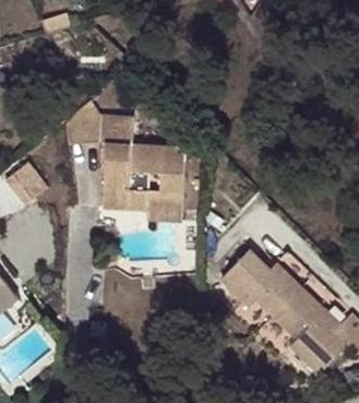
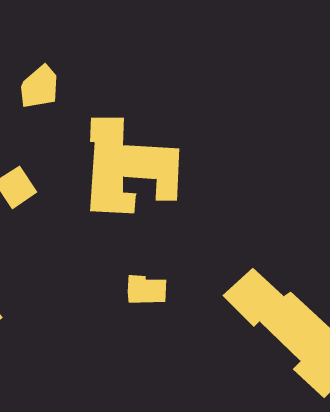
building: [63,102,98,145] -> [20,61,57,107]
building: [141,191,179,218] -> [127,275,167,303]

